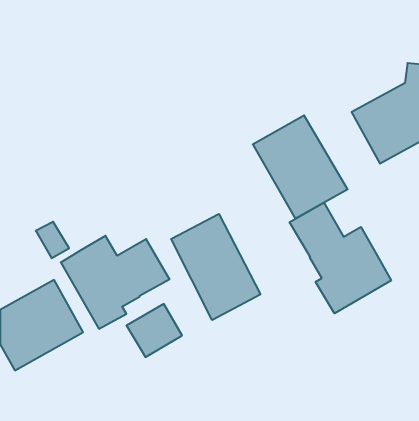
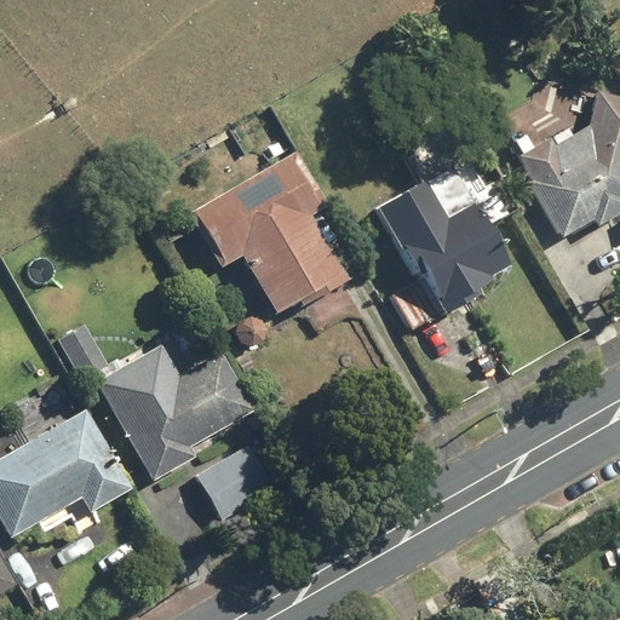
building: none -> [188,153,345,316]
building: [290,203,391,313] -> none
building: [171,214,260,320] -> none

